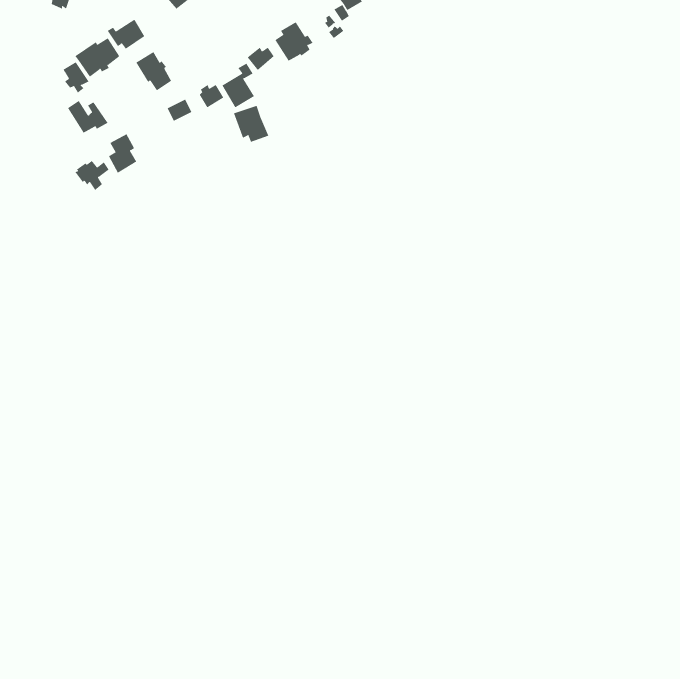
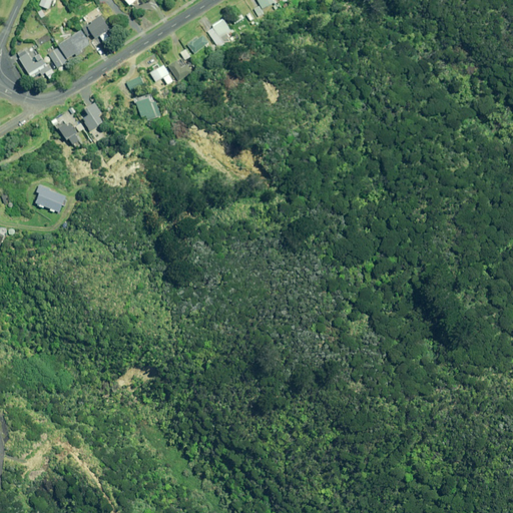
building: [136,51,172,91] -> none
building: [67,100,109,134] -> [18,51,49,76]
building: [233,105,269,142] -> [133,91,160,119]
building: none -> [36,184,67,211]

